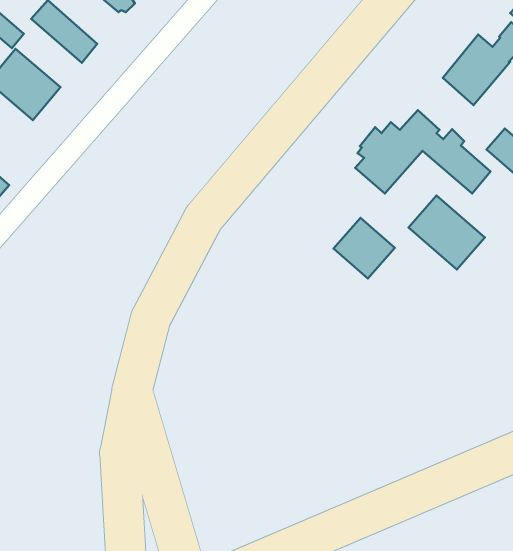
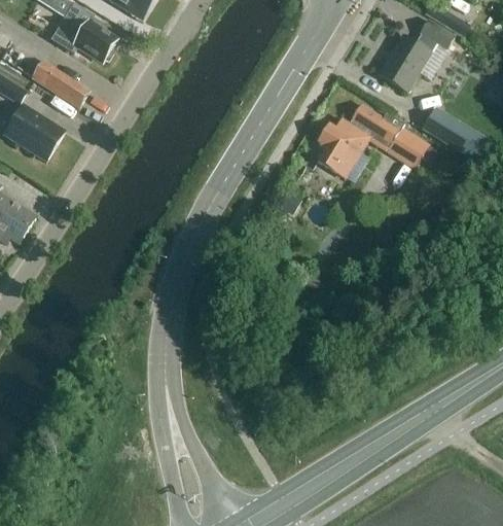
building: [409,196,485,269] -> none
building: [333,218,395,278] -> none

